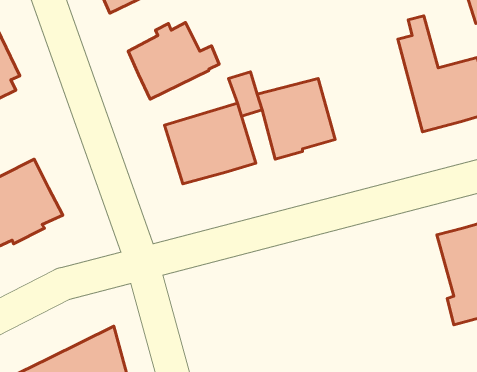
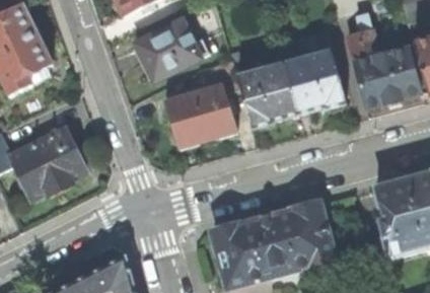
building: none -> [284,52,344,112]
building: none -> [210,202,334,286]

